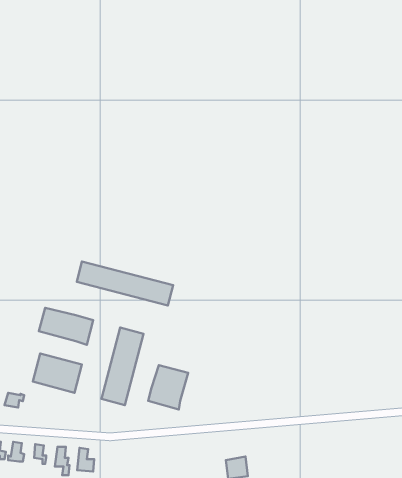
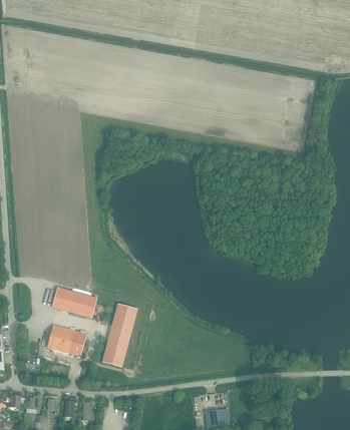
building: [77,261,173,305] -> none
building: [148,365,188,409] -> none

